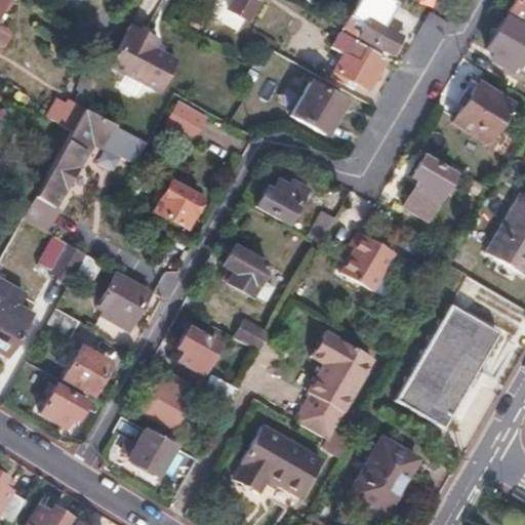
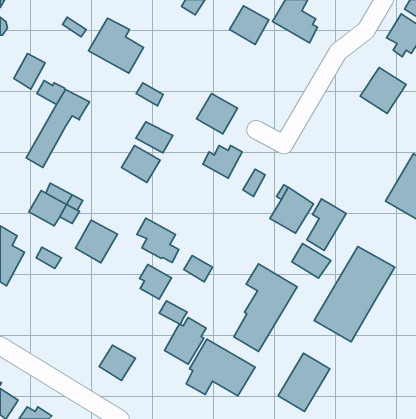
building: [337,40,387,88] -> [230,6,269,44]
building: none -> [14,53,45,89]
building: [294,83,346,133] -> [197,94,238,134]
building: [104,127,150,166] -> [136,122,173,153]
building: [405,158,454,223] -> [307,199,346,251]
building: [221,247,274,302] -> [137,218,179,262]
building: none -> [292,244,331,278]
building: [66,348,111,395] -> none
building: [142,372,194,431] -> [164,317,206,364]
building: [43,385,88,426] -> none

